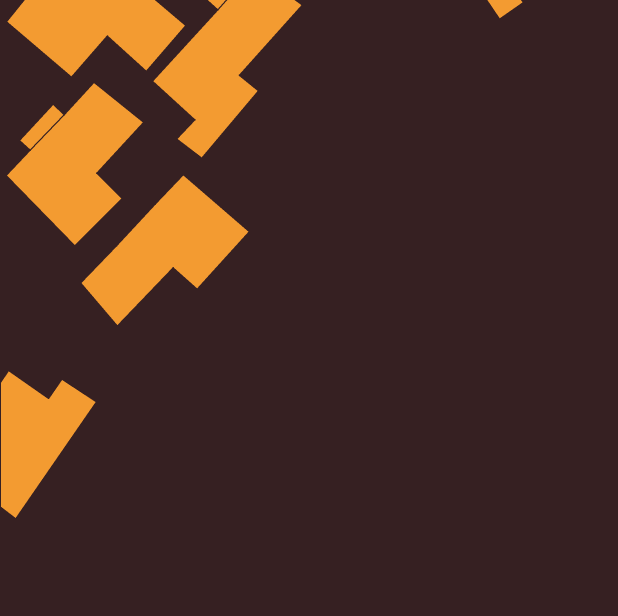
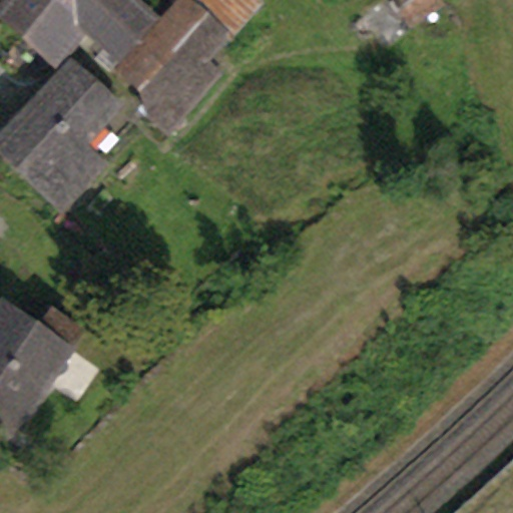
building: [80,174,250,326] -> none

